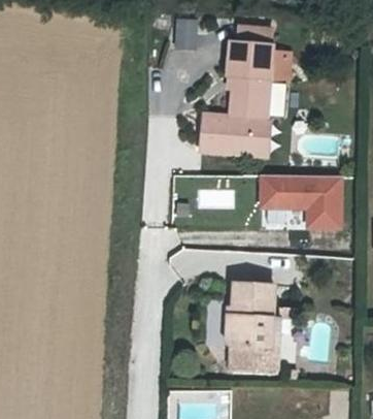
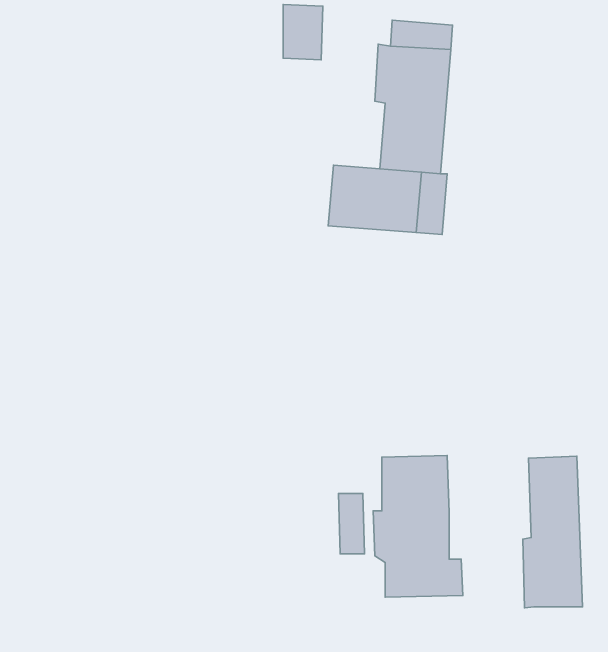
building: [259,179,342,233] -> none
building: none -> [523,456,583,608]

